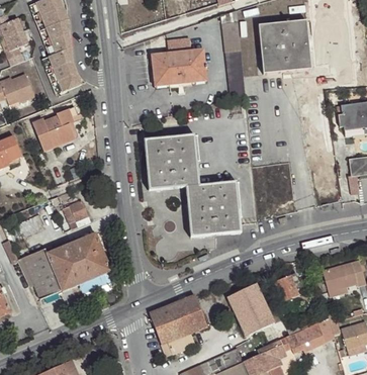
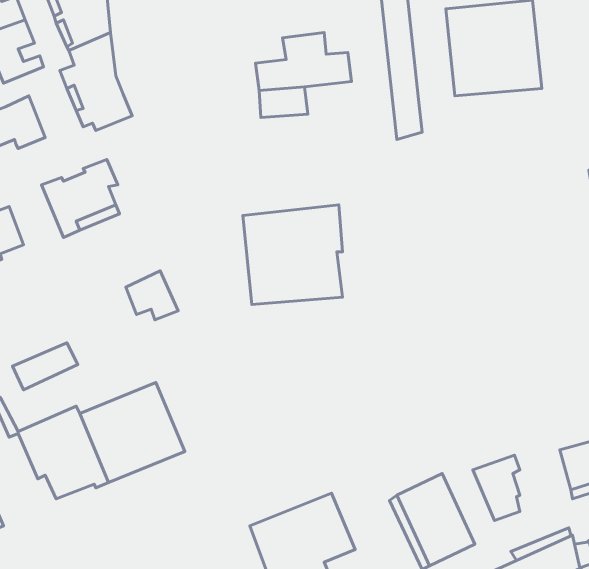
building: [179,65,207,83] -> none
building: [186,181,242,237] -> none
building: [62,199,91,226] -> [126,271,178,320]

